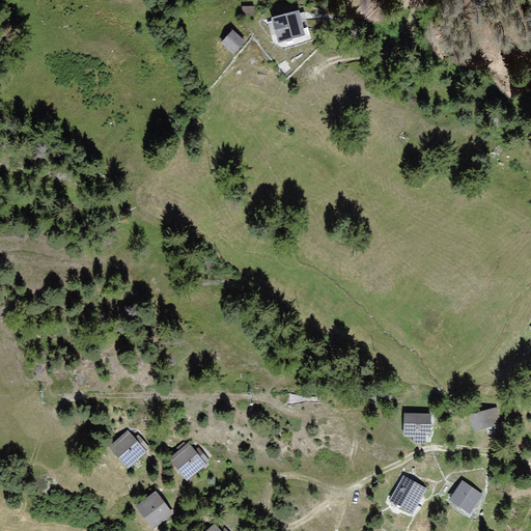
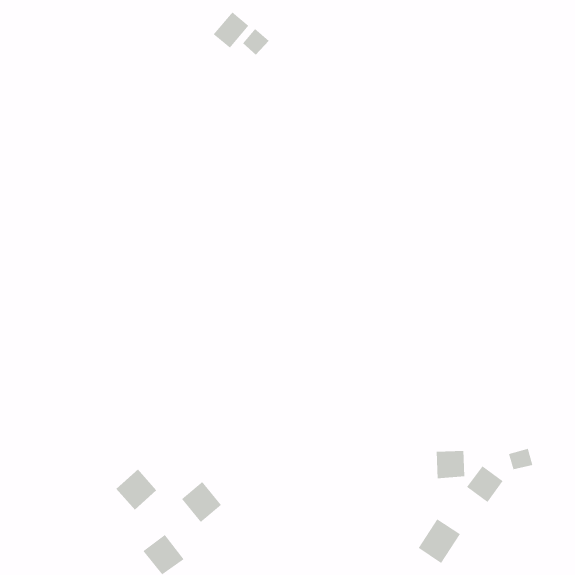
building: [276,7,315,41] -> none
building: none -> [213,11,249,49]
building: [448,479,482,513] -> [466,465,504,503]

